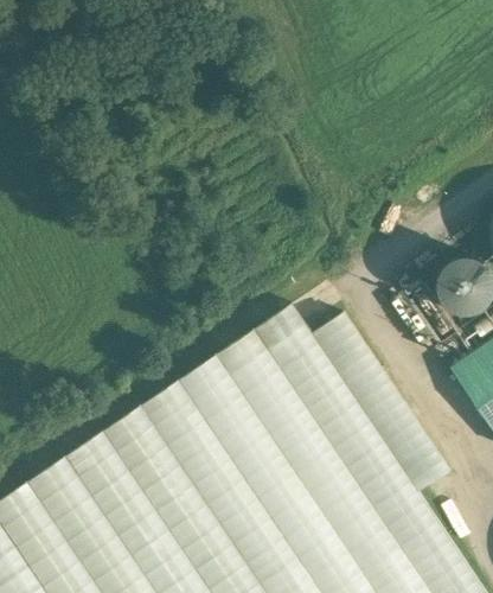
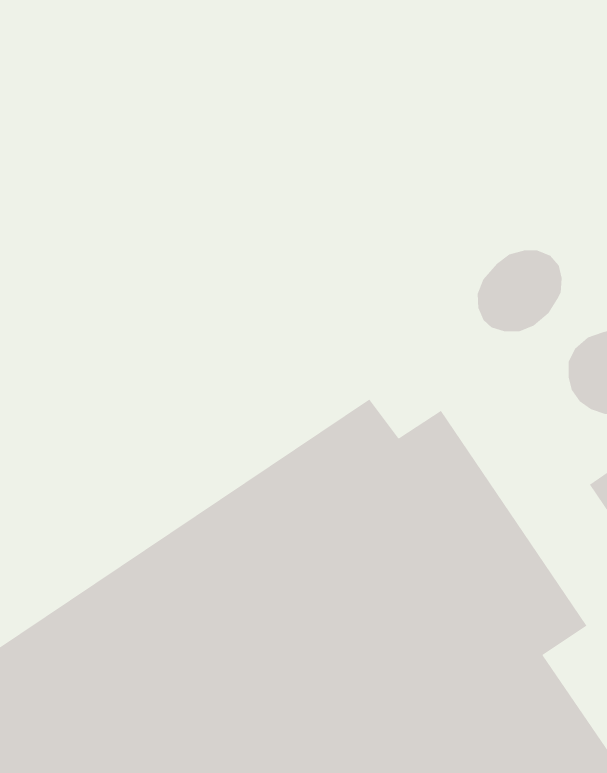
building: none -> [477,249,562,332]

